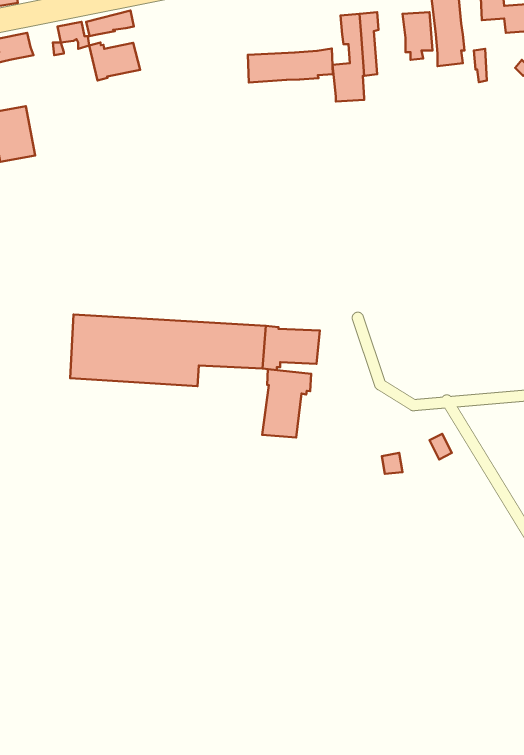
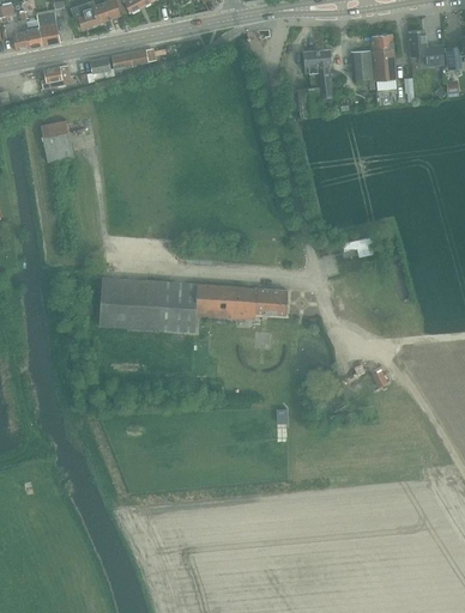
building: [89,43,140,81] -> none
building: [248,48,333,82] -> none
building: [262,369,311,438] -> none

